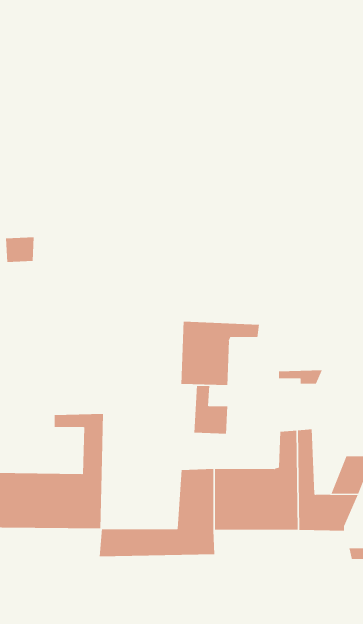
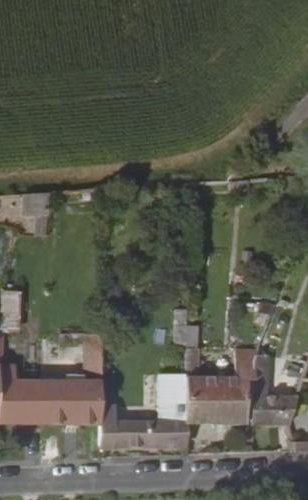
building: [181,321,259,386] -> none

